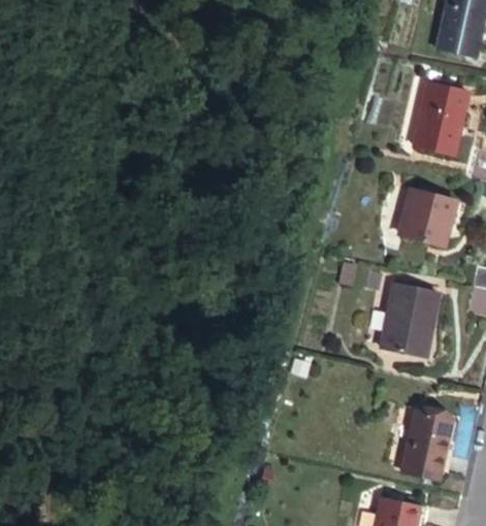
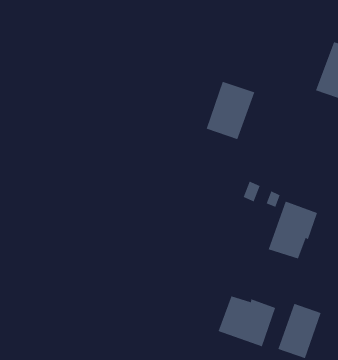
building: [391,191,445,259] -> [206,81,255,140]
building: none -> [218,295,276,347]

